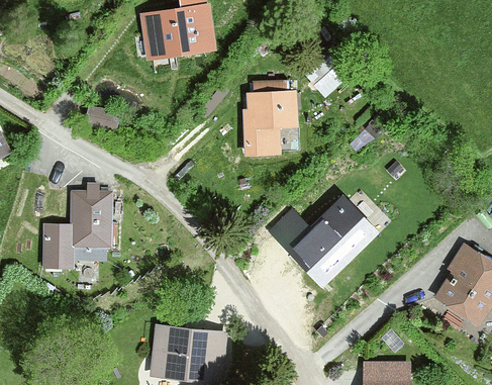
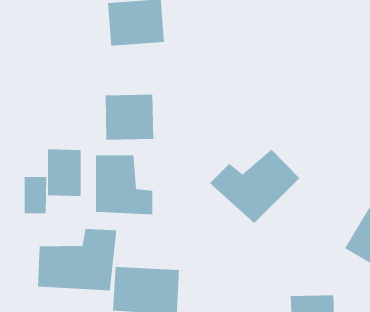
building: [247,92,306,148] -> [105,94,154,140]
building: none -> [95,154,153,215]
building: none -> [37,228,117,291]

